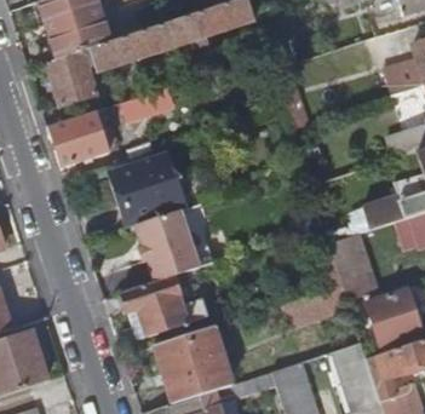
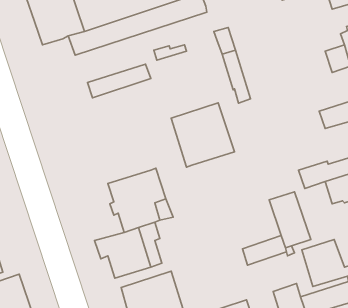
building: [45,51,97,105] -> none
building: [46,110,108,166] -> none
building: [111,149,186,225] -> [171,103,235,167]

